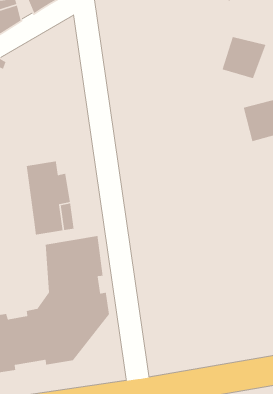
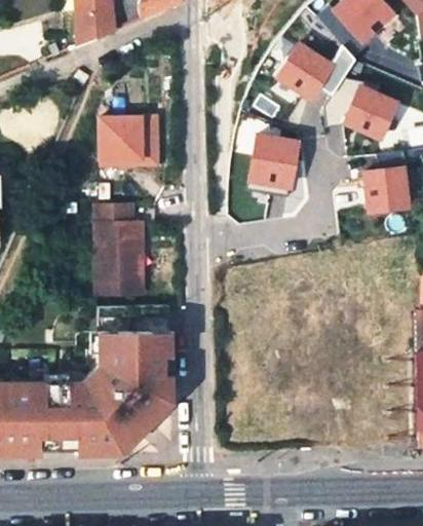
building: none -> [280,42,339,100]
building: none -> [254,135,303,188]
building: none -> [99,120,155,167]

